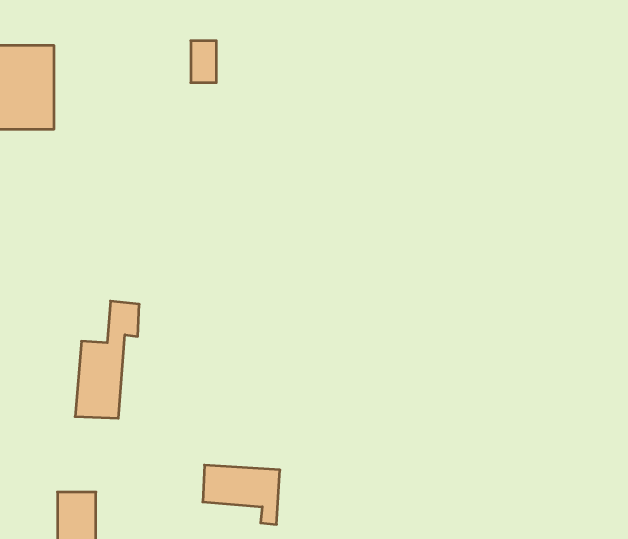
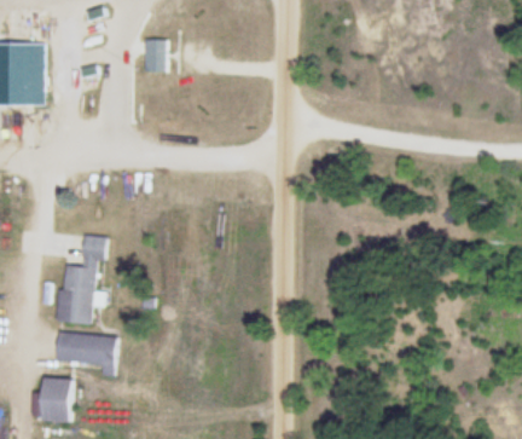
building: [203,465,280,524] -> [59,333,117,377]

